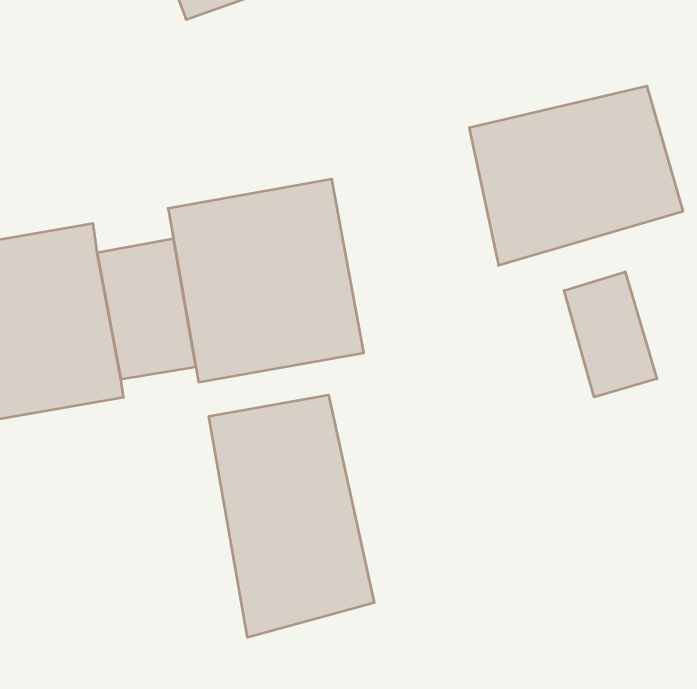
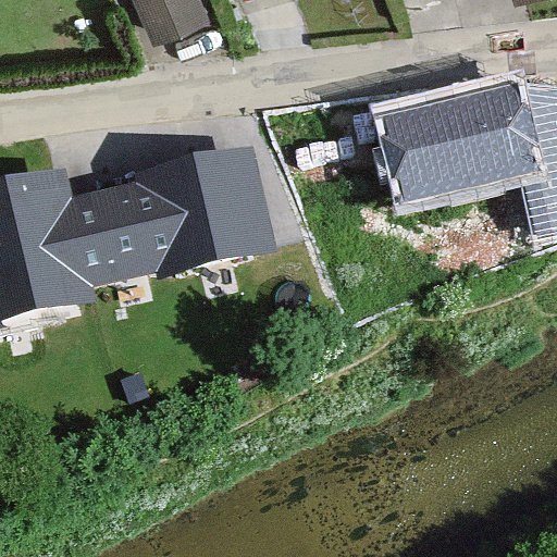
building: [564,272,657,397] -> none
building: [209,395,374,637] -> none

